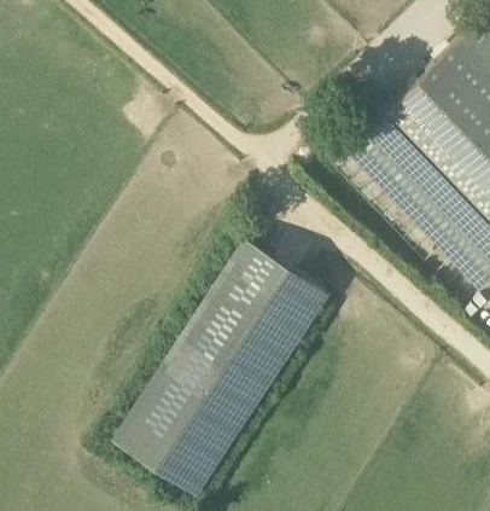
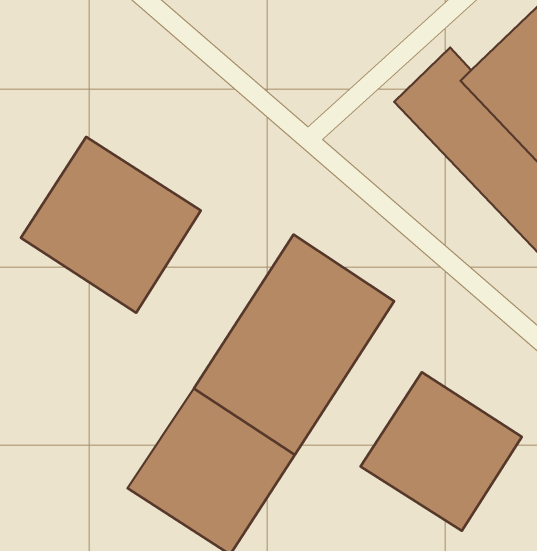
building: none -> [21,137,201,313]
building: none -> [361,372,522,531]

